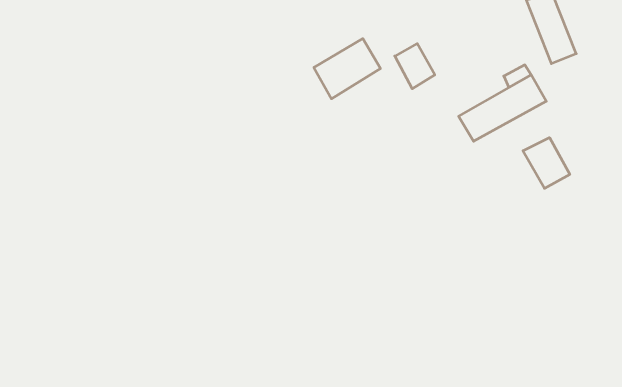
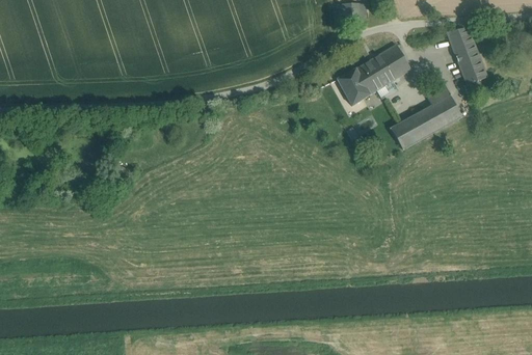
building: [314,39,380,99] -> [355,45,410,94]
building: [523,138,570,188] -> none

